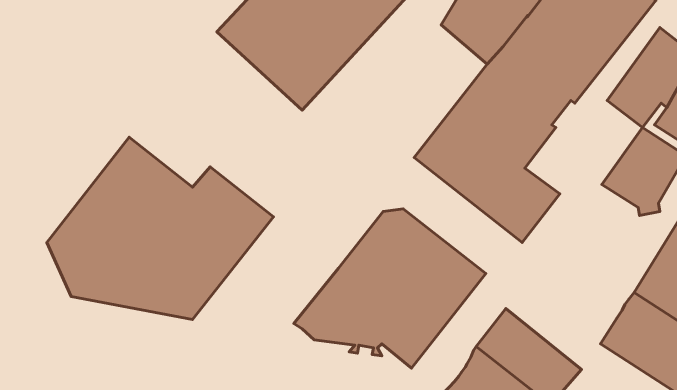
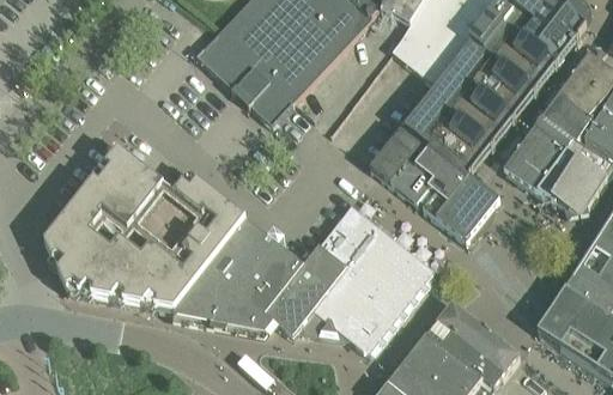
building: none -> [504,116,573,190]
building: none -> [175,219,304,328]

